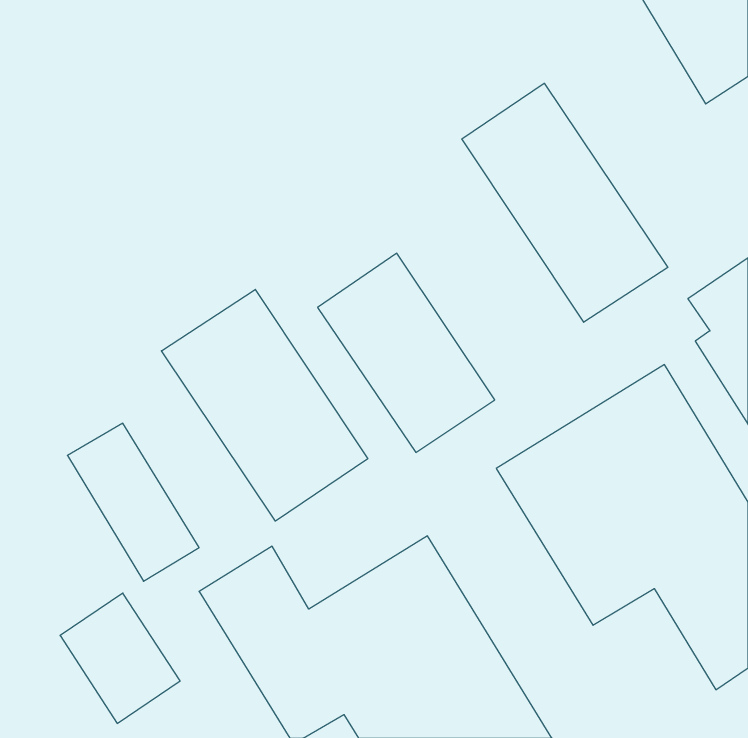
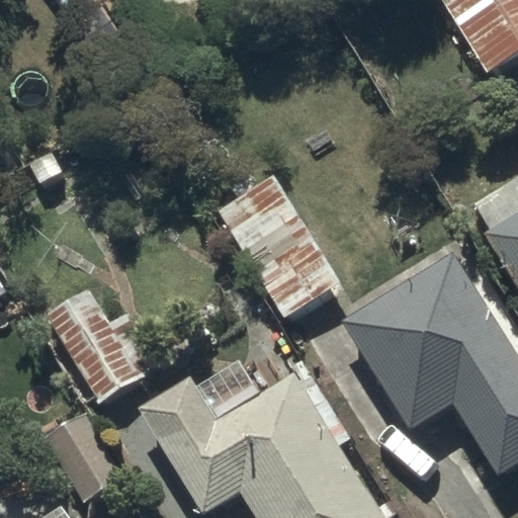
building: [462,83,668,322] -> none
building: [161,289,368,521] -> none

